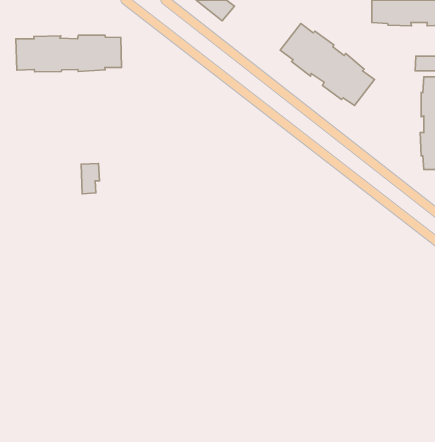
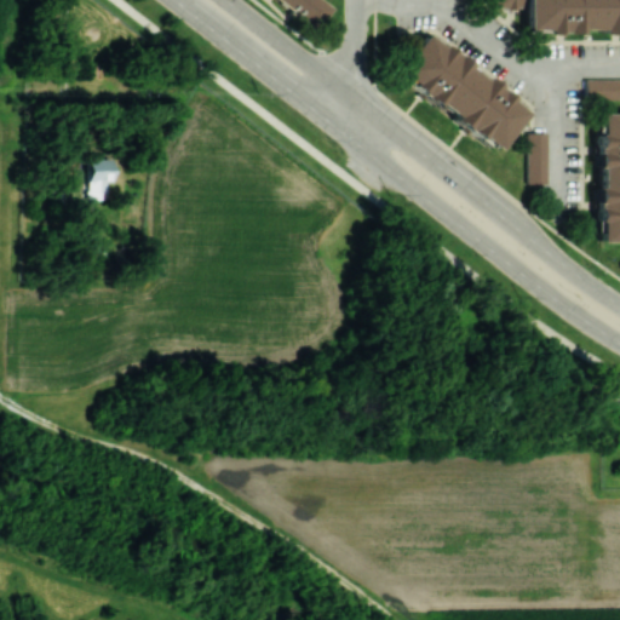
building: [16,35,122,72] -> none
building: none -> [533,132,553,184]
building: [81,163,99,194] -> [93,157,119,200]

